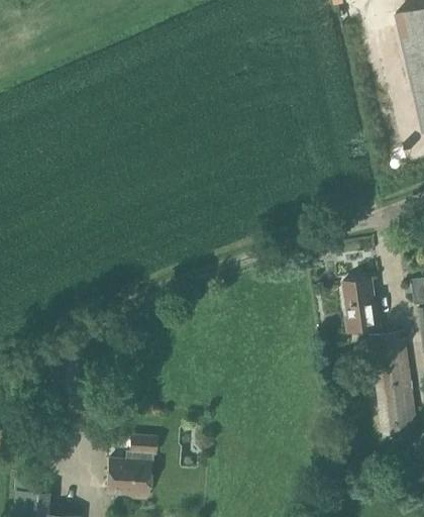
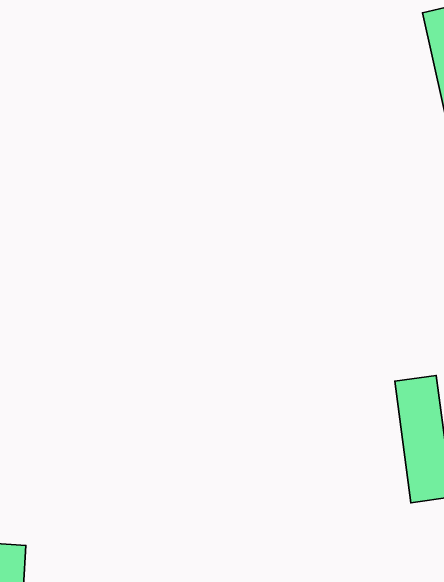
building: [343,277,381,332] -> none
building: [107,437,152,498] -> none

